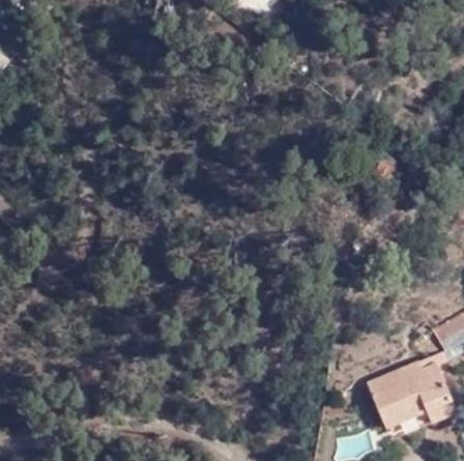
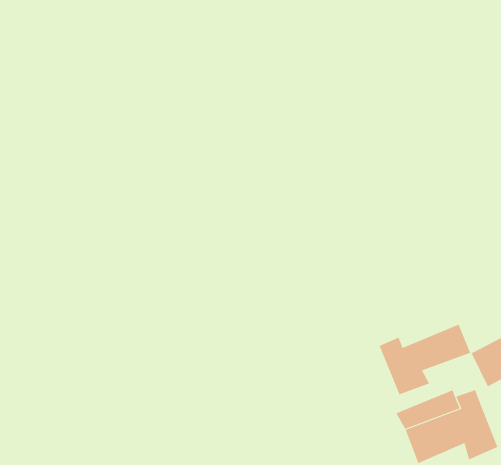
building: none -> [379,324,471,395]

